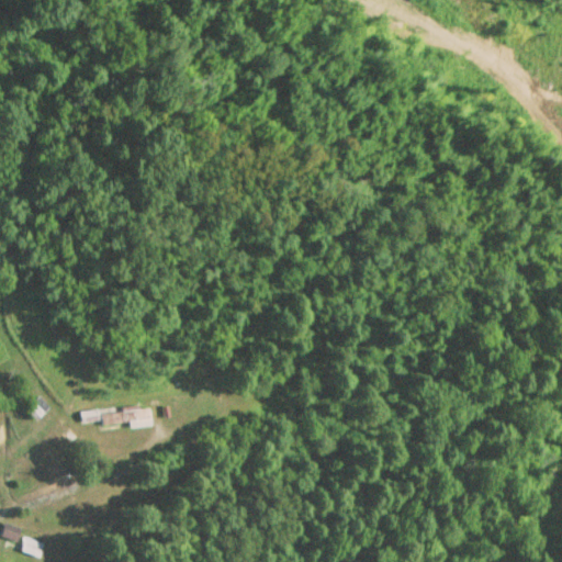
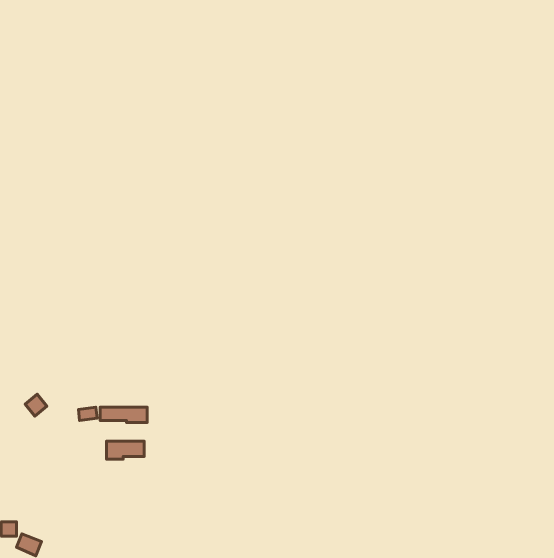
building: none -> [107,441,144,459]

